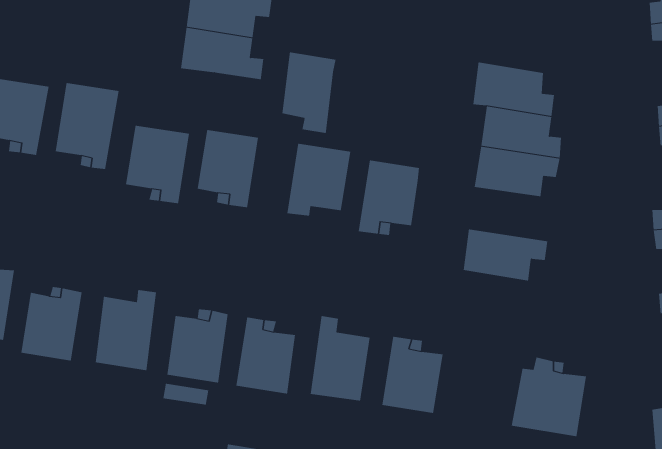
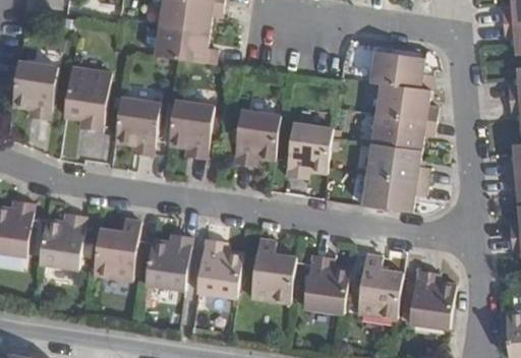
building: [282,52,336,134] -> none
building: none -> [368,142,429,182]
building: none -> [356,253,402,317]

